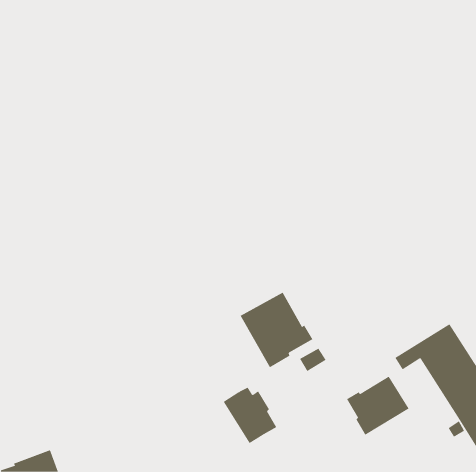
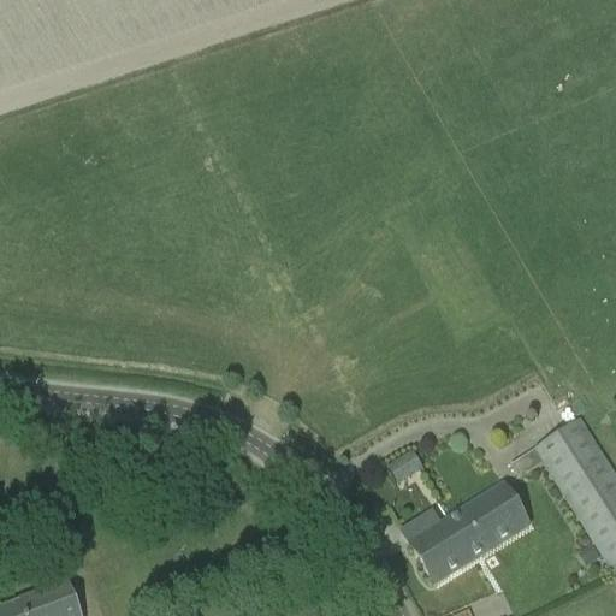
building: [240,292,313,368] -> none
building: [223,387,277,444] -> [402,509,472,582]

